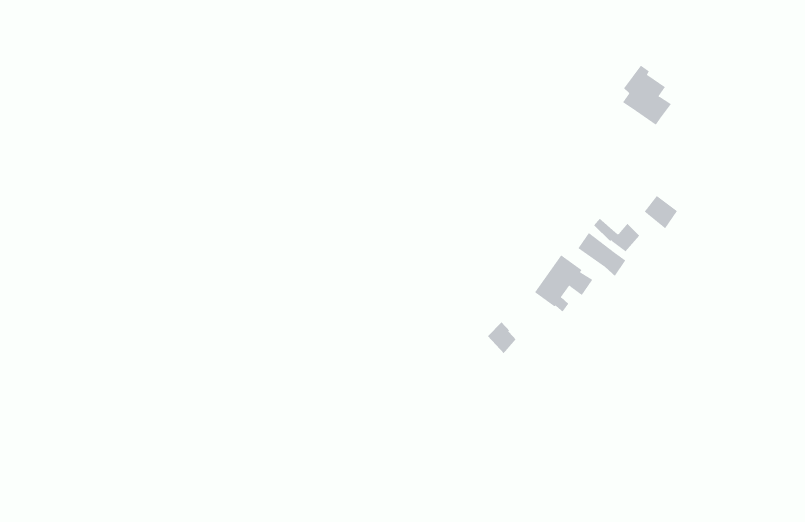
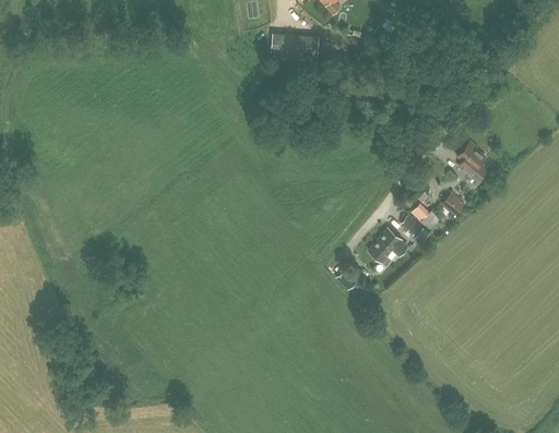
building: [622,65,672,126] -> [456,142,488,181]

